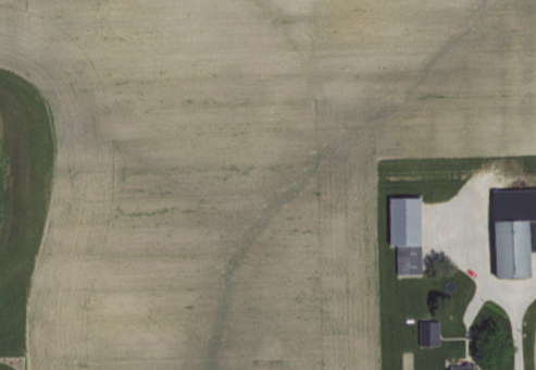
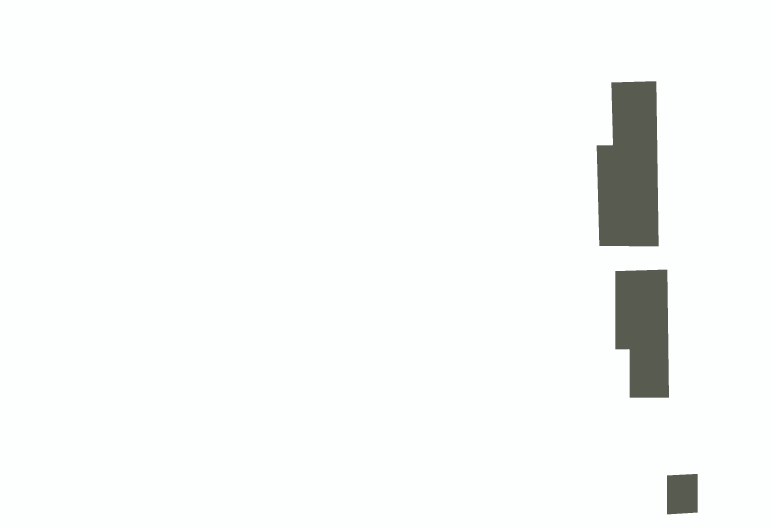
building: none -> [596,81,659,247]

